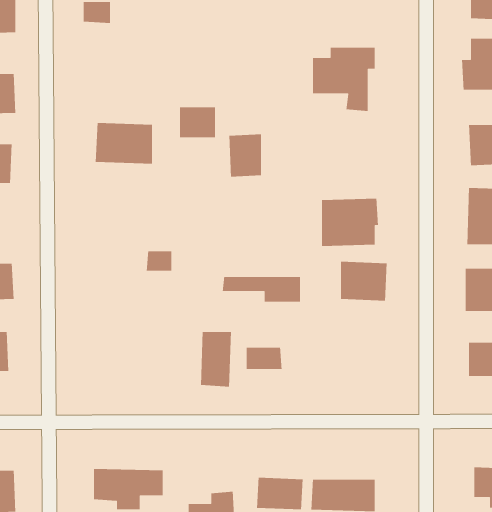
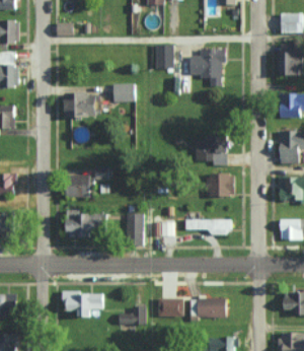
building: [228,134,262,177] -> [154,44,173,69]
building: none -> [68,176,91,197]
building: [222,276,301,302] -> [184,219,230,234]
building: none -> [67,210,101,236]

